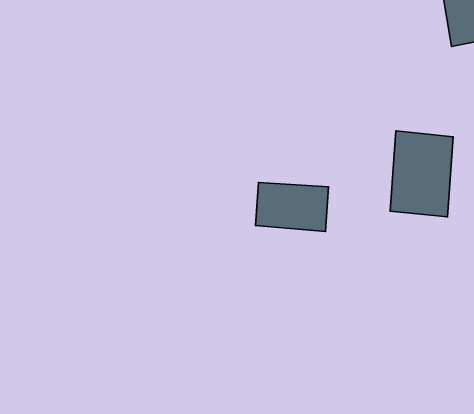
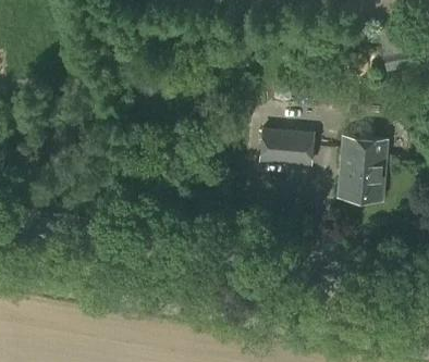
building: [255,183,328,231] -> [257,127,312,164]

